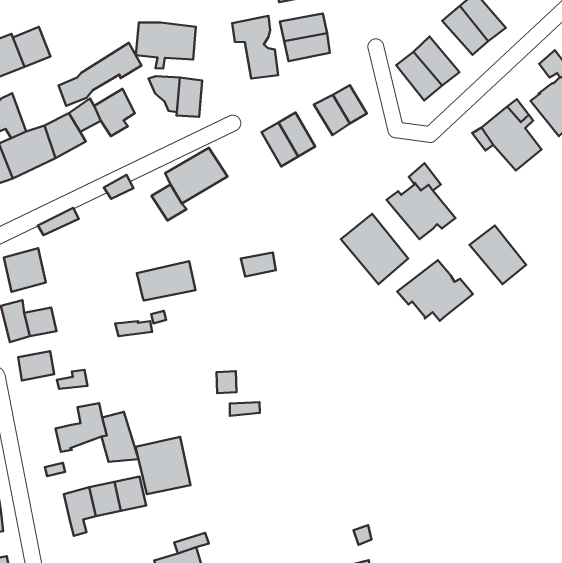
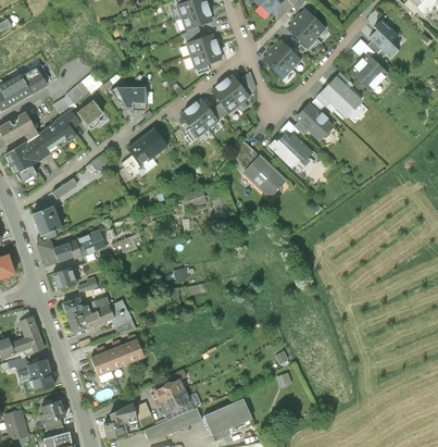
building: [232,16,278,79] -> none
building: [136,22,196,69] -> none
building: [470,226,526,284] -> [295,104,331,140]
building: [397,260,473,321] -> none
building: [137,261,196,300] -> [67,229,105,258]
building: none -> [61,297,89,335]
building: [136,437,190,494] -> none

